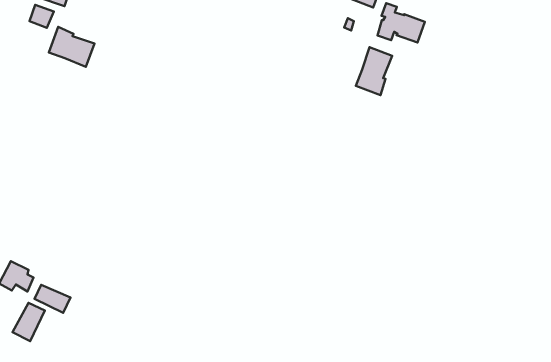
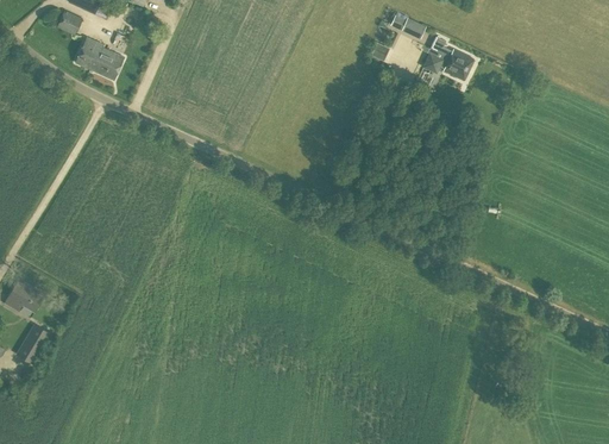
building: [356,47,392,95] -> none
building: [34,285,70,313] -> none

